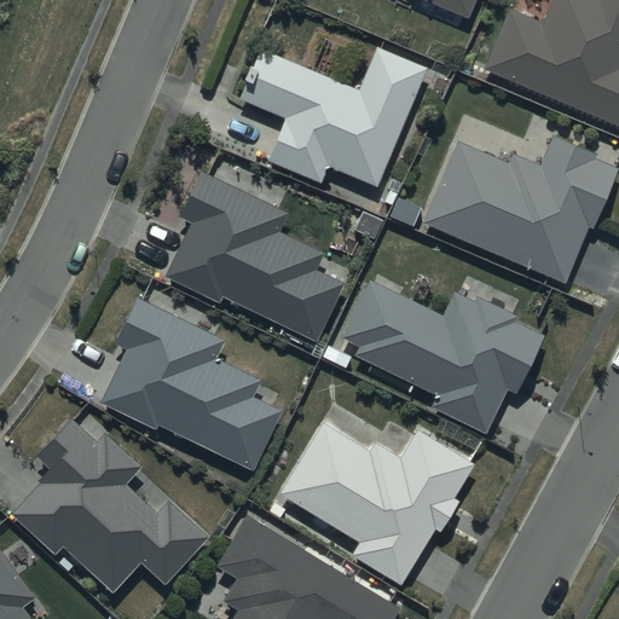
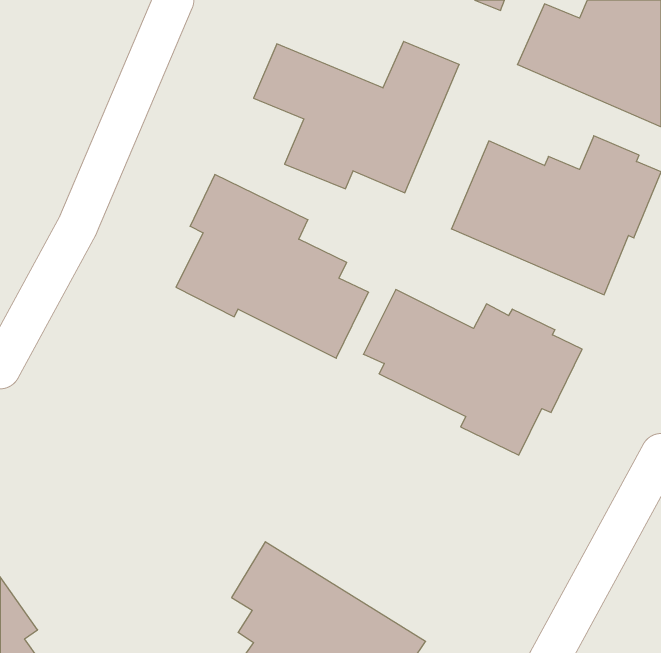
building: [98,296,282,470] -> none
building: [13,417,208,592] -> none
building: [280,430,475,592] -> none

